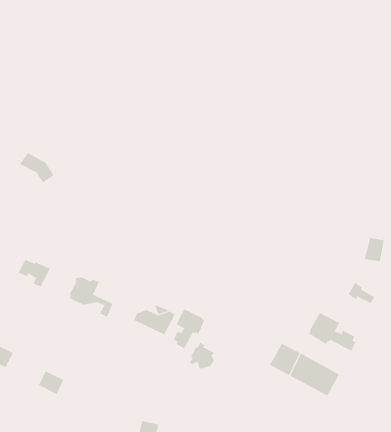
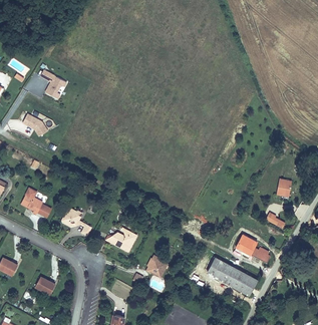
building: none -> [40,71,67,101]
building: [173,309,205,349] -> none

